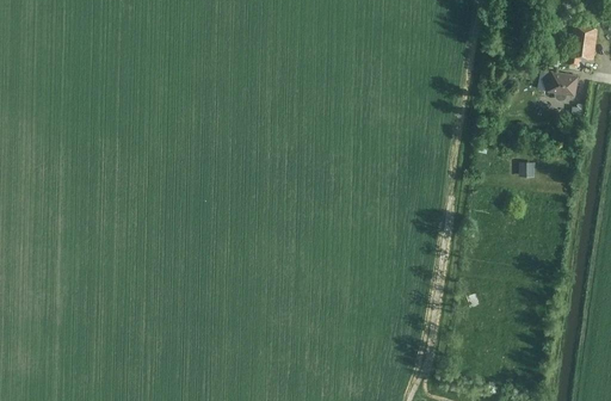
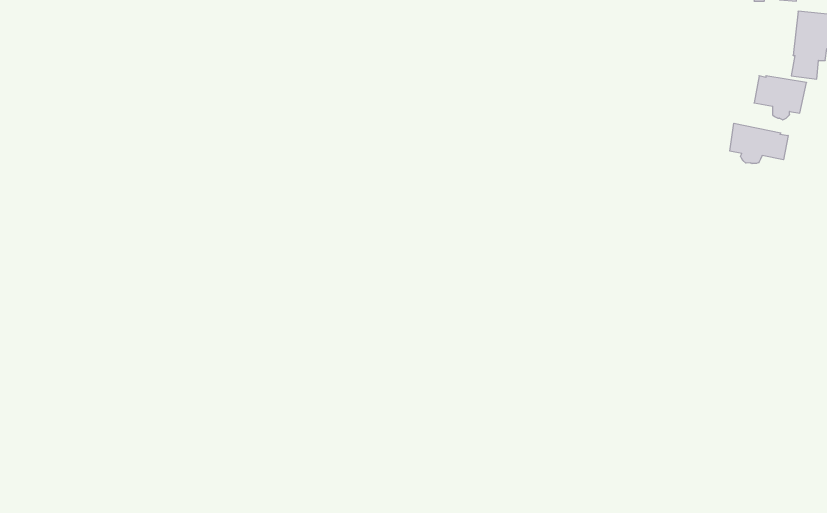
building: none -> [730,123,788,164]

